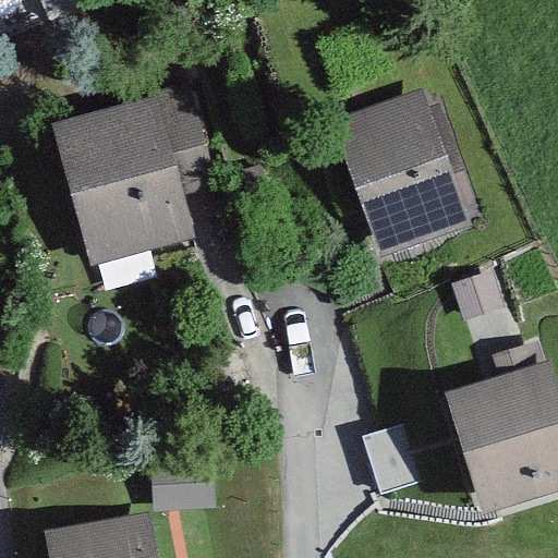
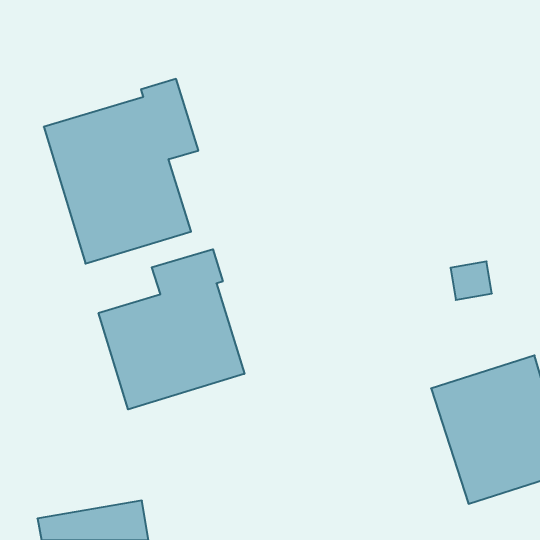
building: [331,95,476,254] -> none
building: none -> [99,249,244,409]

